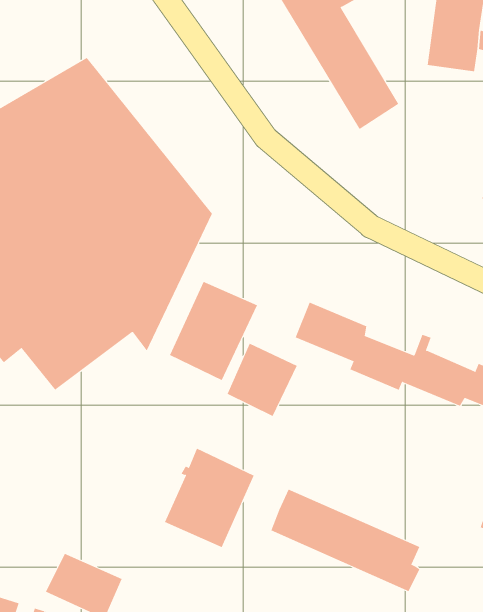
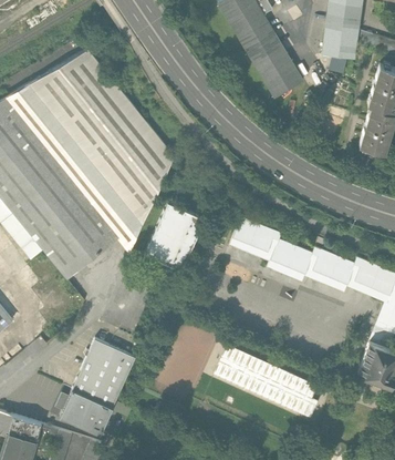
building: [227,343,297,417] -> none
building: [164,448,254,548] -> [72,339,134,408]

